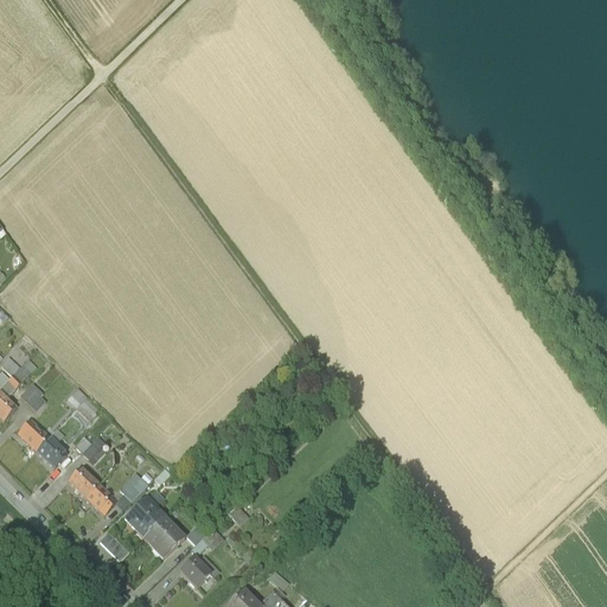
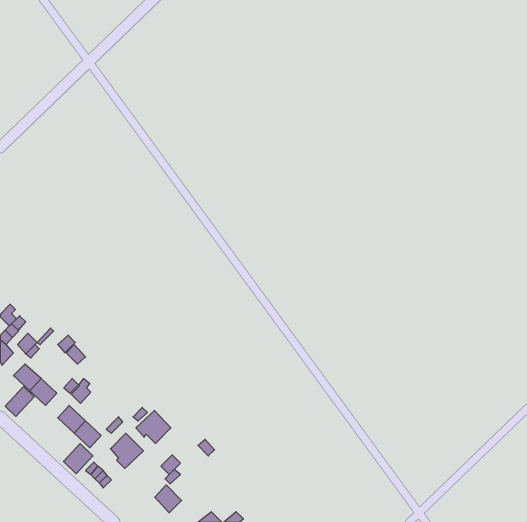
building: none -> [5,387,34,416]
building: none -> [63,444,93,474]
building: [143,518,184,556] -> [136,410,171,443]

